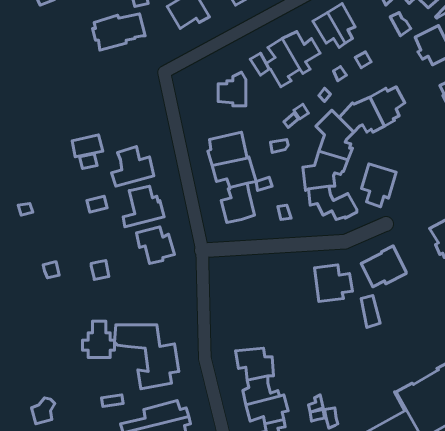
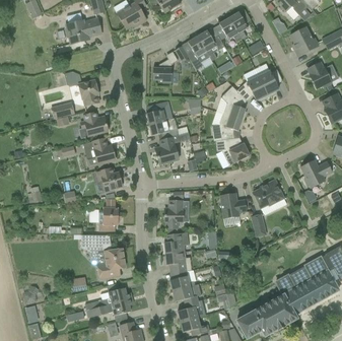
building: none -> [78,79,100,106]
building: [362,164,396,207] -> none
building: none -> [165,200,184,227]
building: none -> [164,231,189,253]
building: [82,321,115,358] -> [99,199,122,224]

